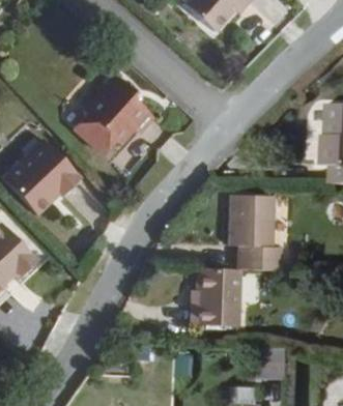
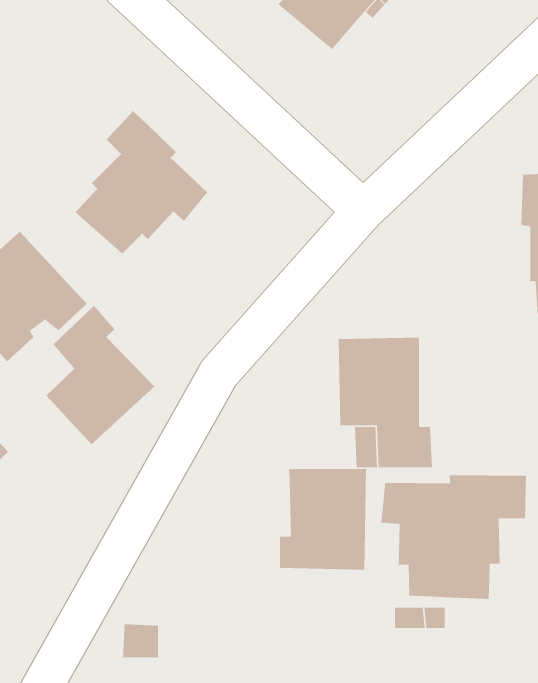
building: none -> [46,305,155,445]
building: none -> [380,474,527,600]

